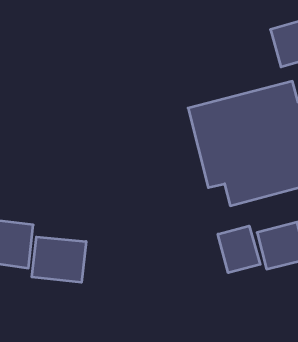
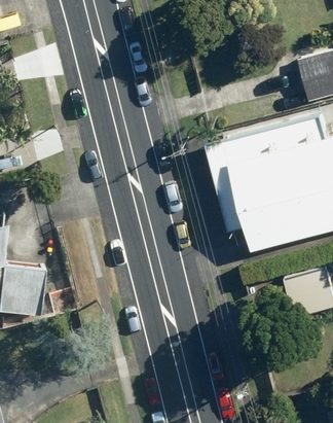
building: [218,226,260,273] -> none
building: [32,237,86,282] -> none

